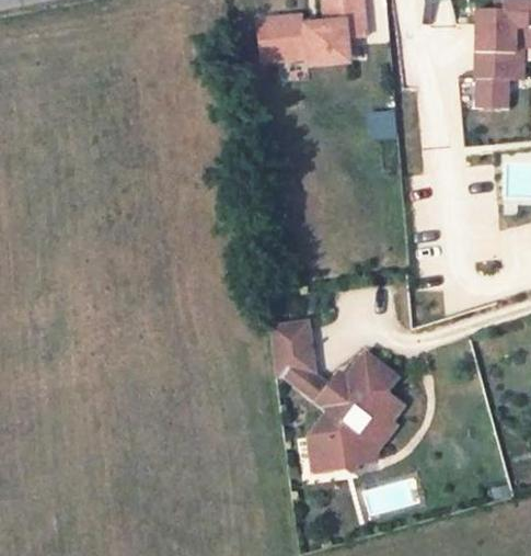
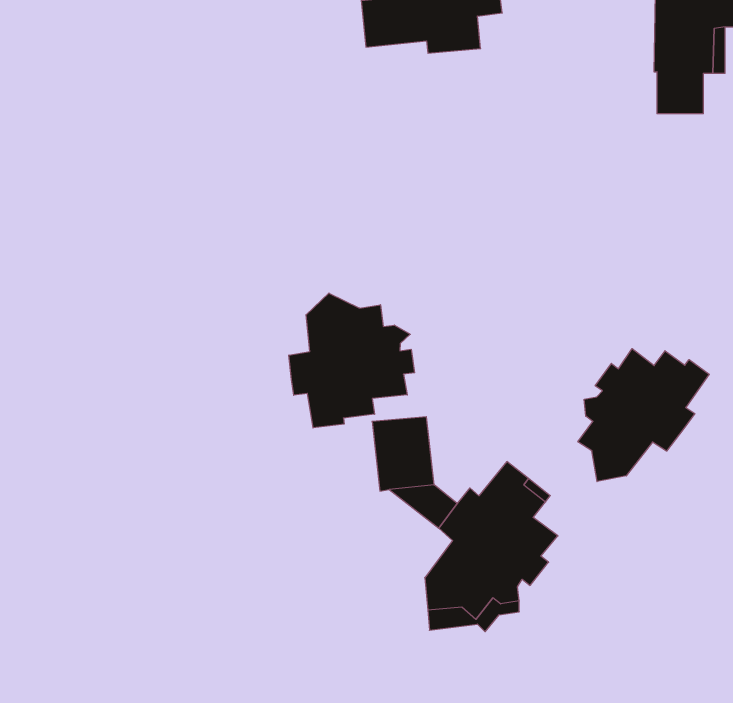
building: none -> [289,293,415,428]
building: none -> [578,349,709,482]

